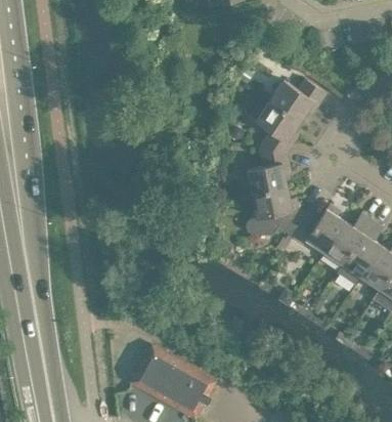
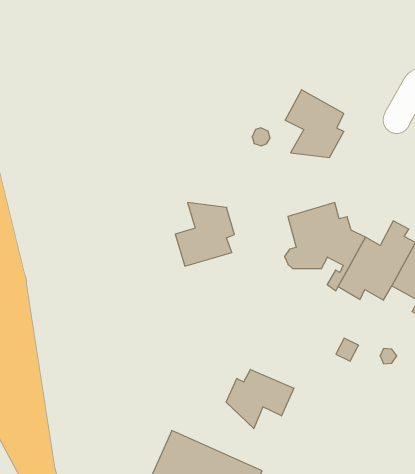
building: [270,77,326,120] -> none
building: [247,145,291,193] -> [175,203,234,266]
building: none -> [226,369,294,429]

